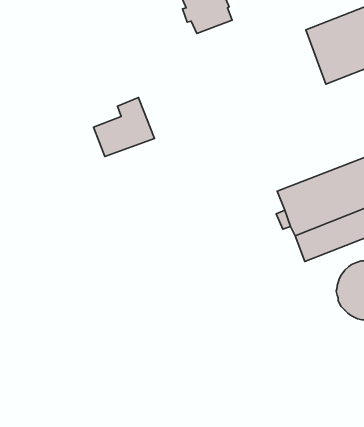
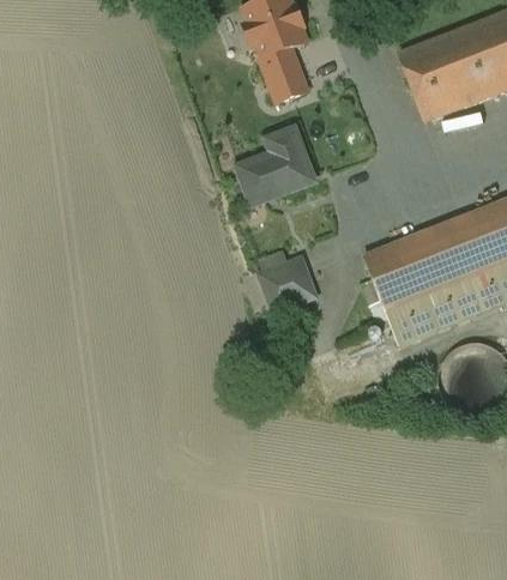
building: none -> [259,47,308,103]
building: [93,97,155,157] -> [237,129,314,204]
building: none -> [259,252,315,310]

